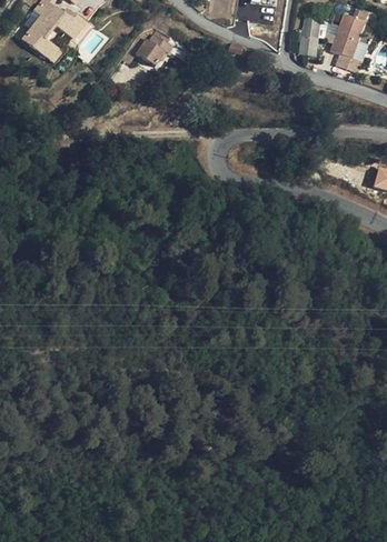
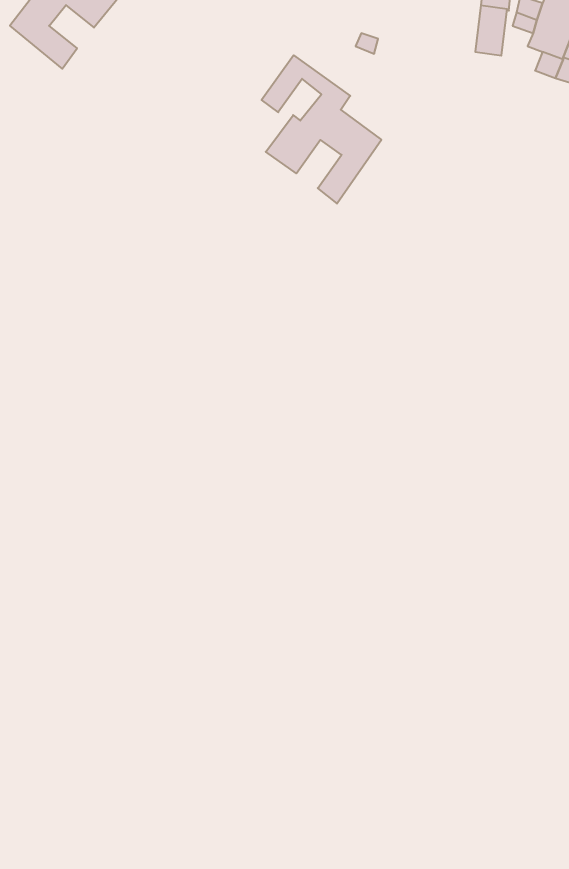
building: [136,32,173,66] -> none
building: none -> [262,55,381,204]

